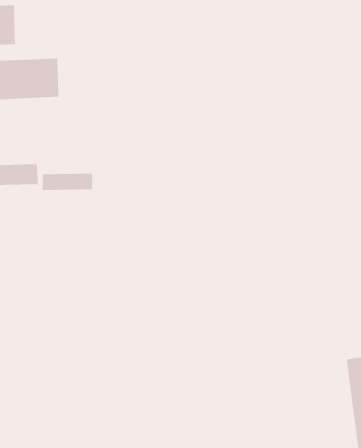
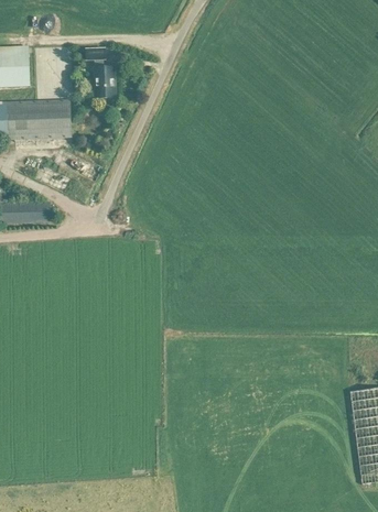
building: none -> [86,47,117,98]
building: [42,173,93,191] -> none

